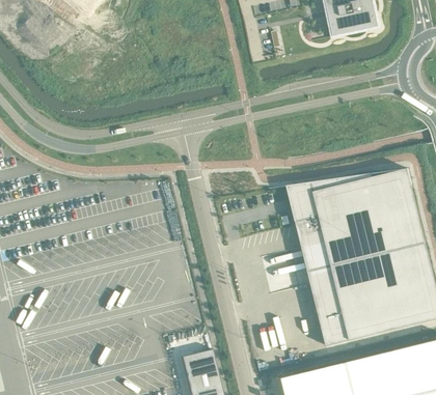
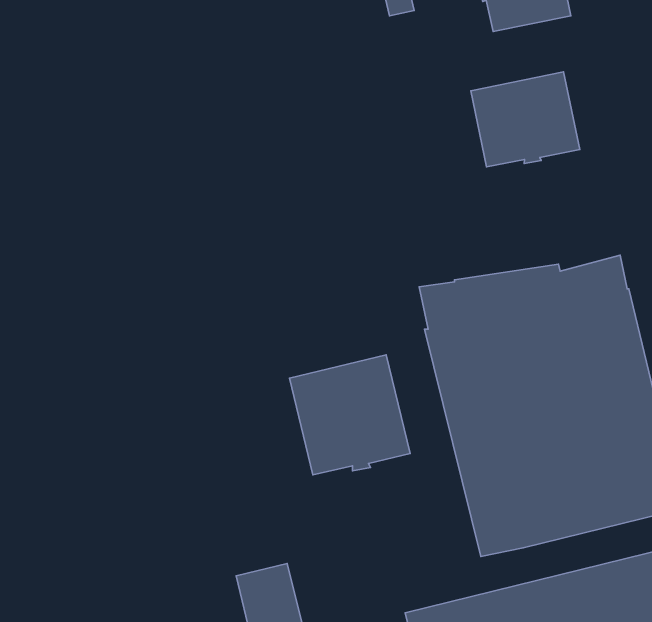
building: none -> [471,72,580,167]
building: none -> [290,355,410,475]

